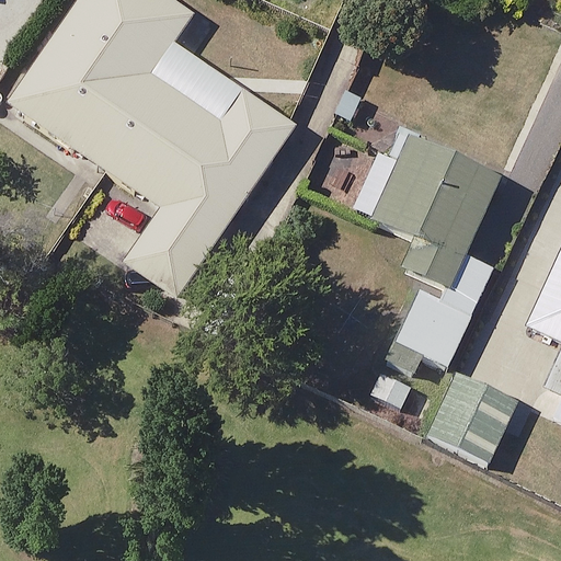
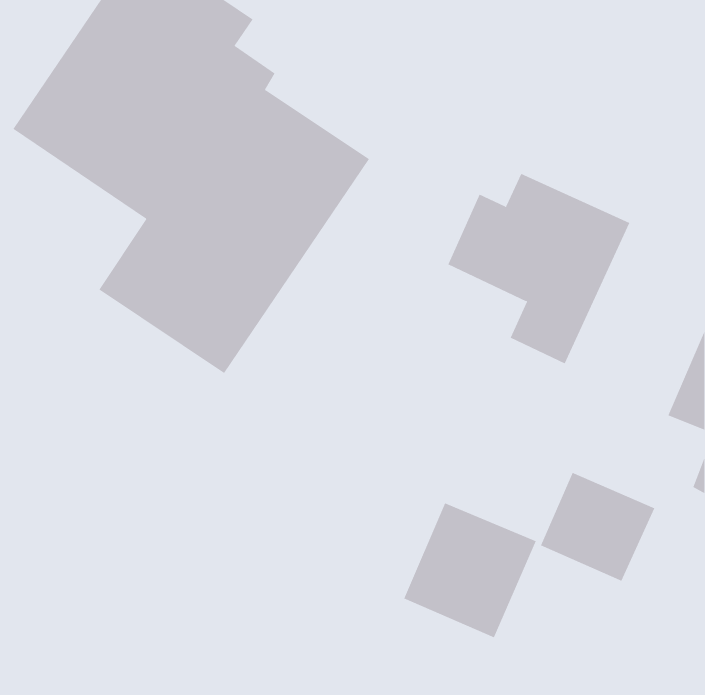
building: [388,289,473,375] -> none
building: none -> [404,503,537,638]

